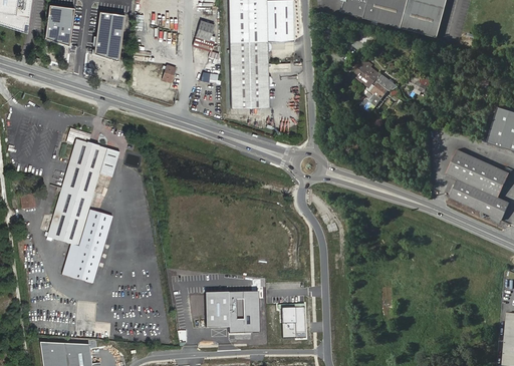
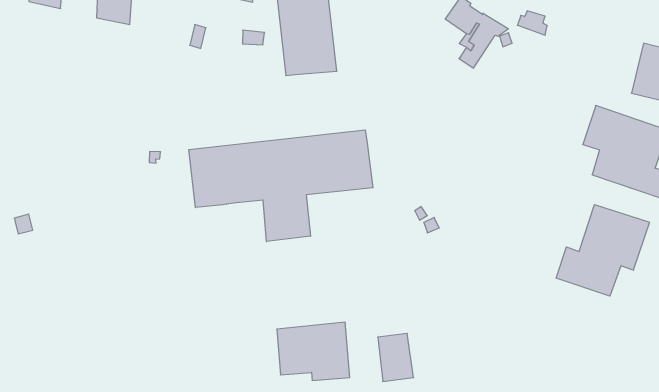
building: [44,128,119,284] -> none
building: none -> [189,130,373,242]
building: none -> [556,205,650,296]

